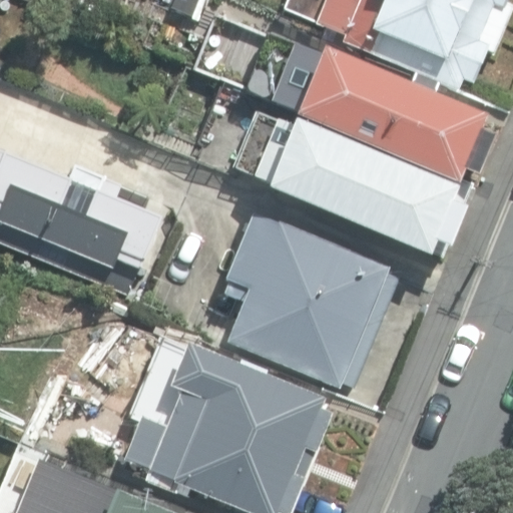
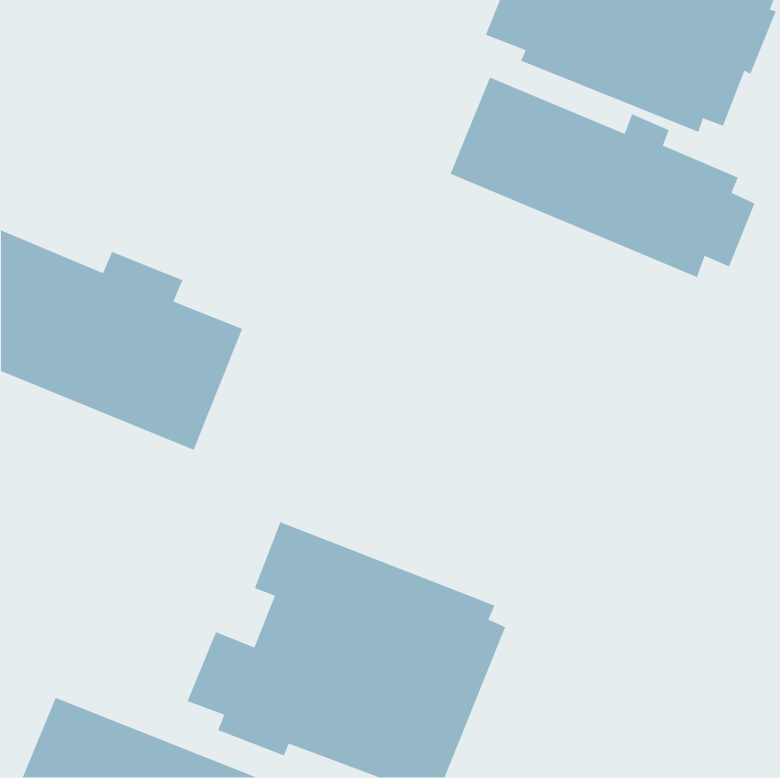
building: [254,119,470,255] -> none
building: [224,207,390,386] -> none

